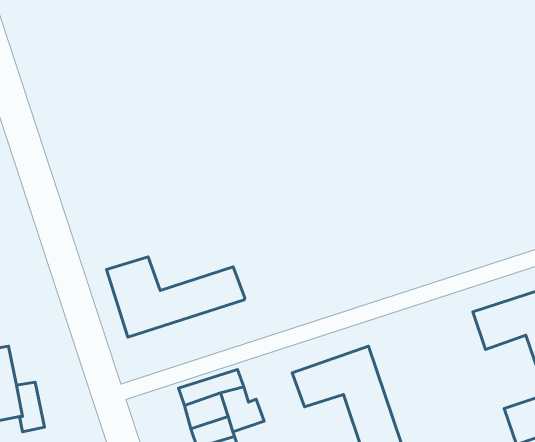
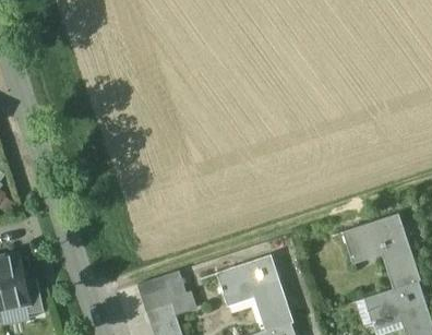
building: [106,257,245,337] -> none

